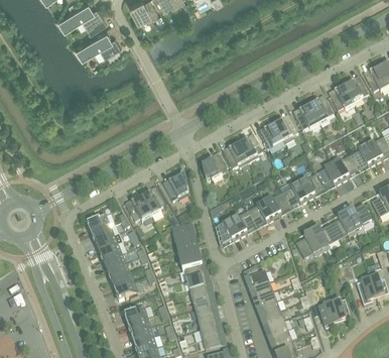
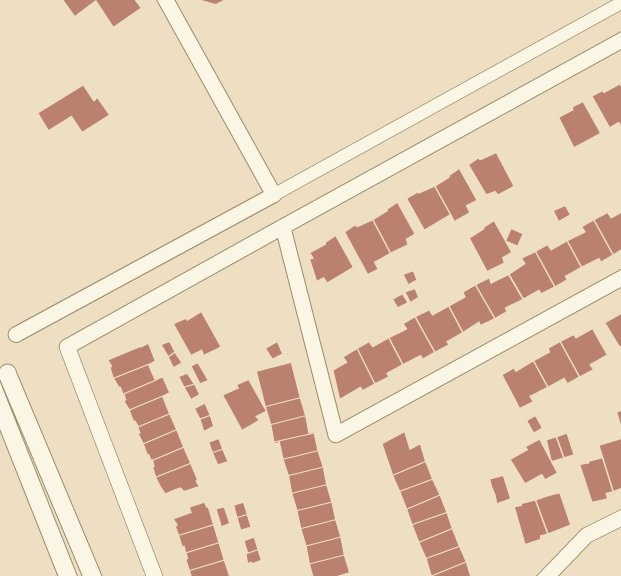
building: [78,30,119,57] -> [38,85,110,133]
building: [327,86,353,111] -> none
building: [307,96,332,125] -> [469,220,512,272]
building: [161,176,187,202] -> none
building: [139,188,164,217] -> [222,379,267,431]
building: [293,233,320,259] -> [510,439,557,485]

